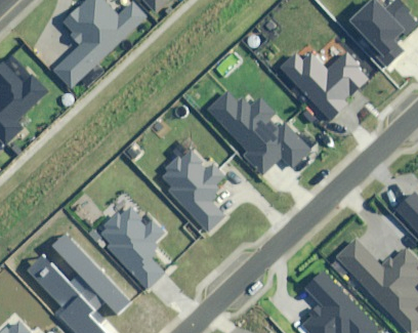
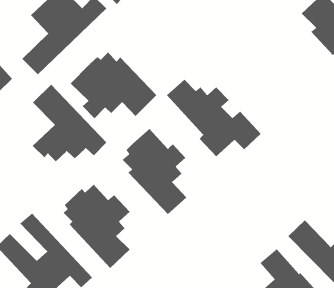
building: [279,53,367,119] -> none
building: none -> [70,51,157,119]
building: none -> [32,84,107,162]

